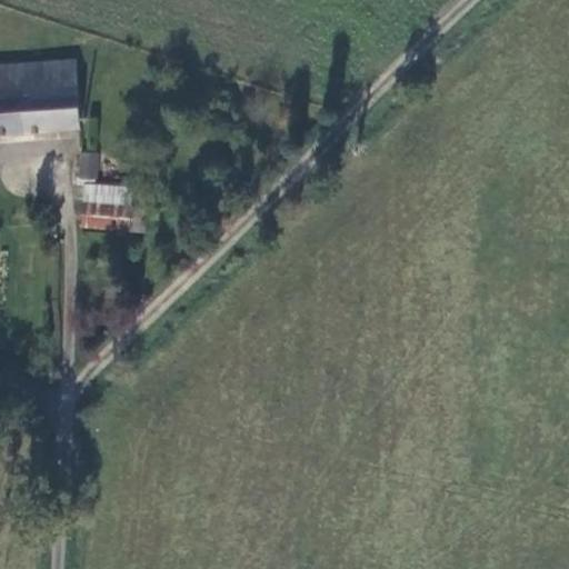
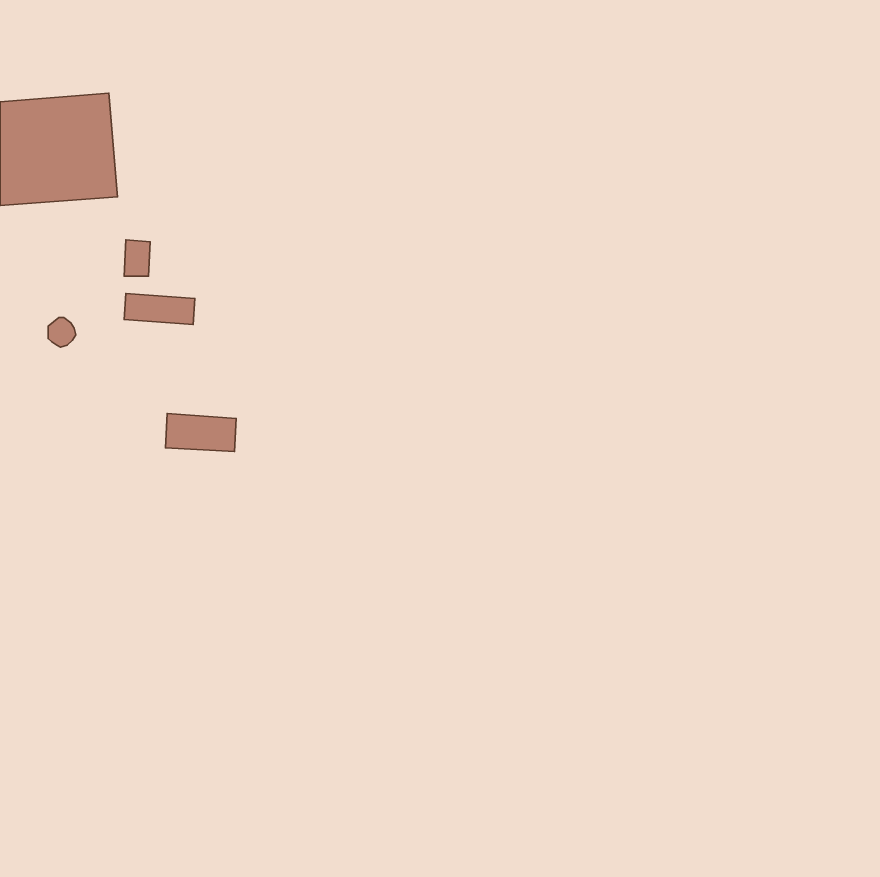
building: [80,206,126,230] -> [165,413,236,451]

